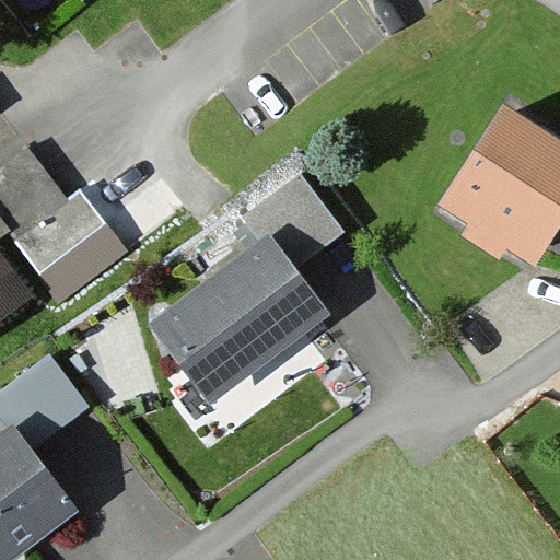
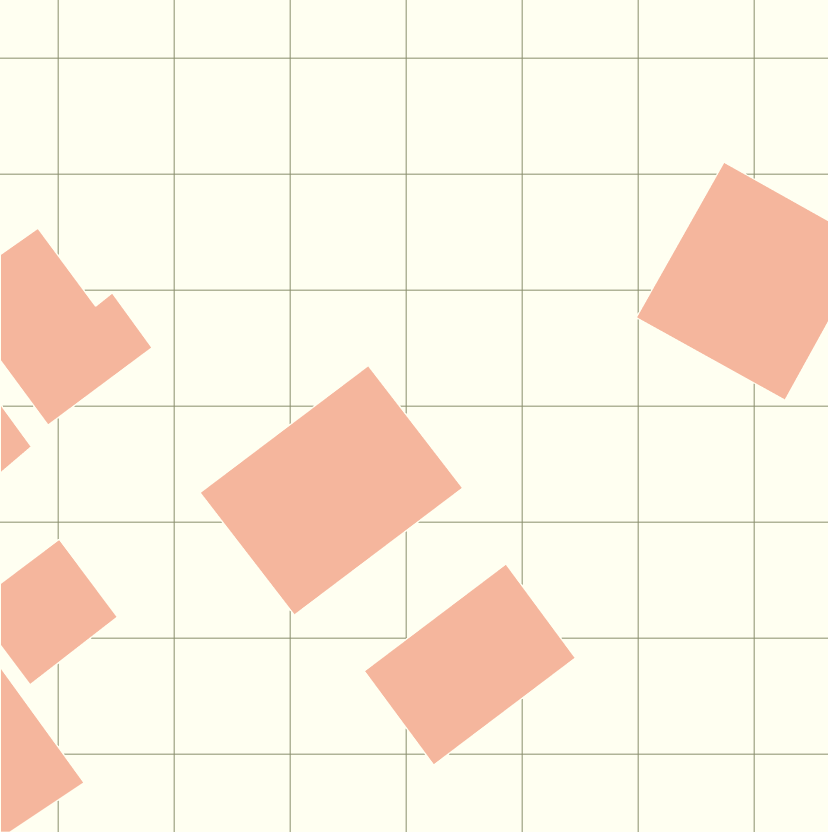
building: [243,174,346,276] -> none
building: none -> [364,564,575,765]

